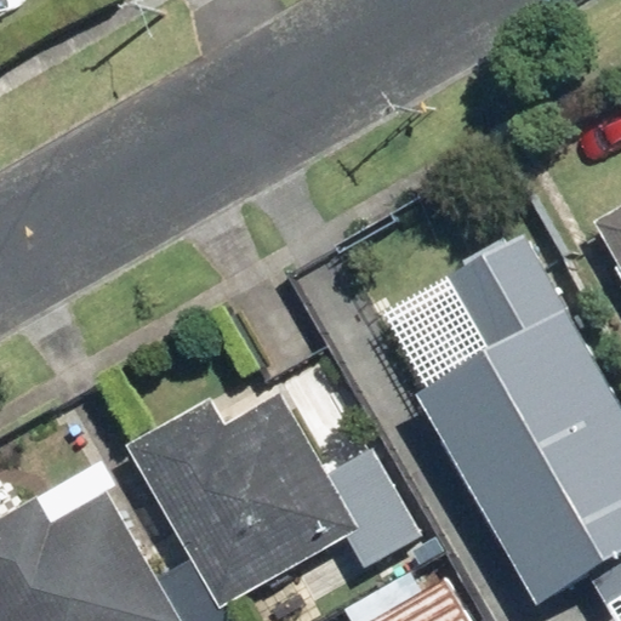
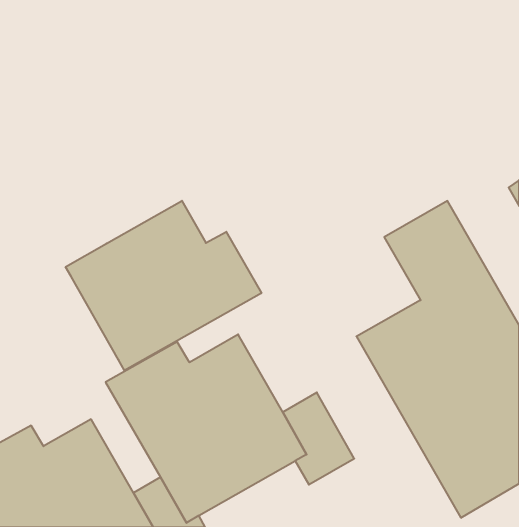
building: none -> [66,201,261,371]

